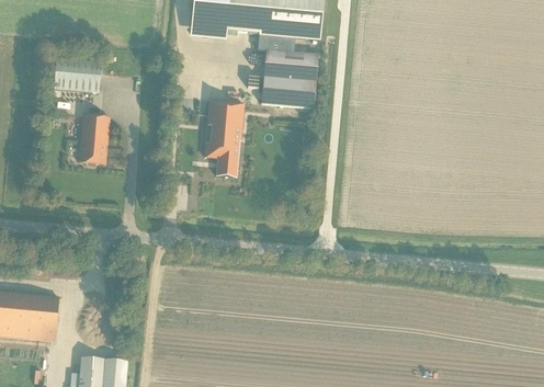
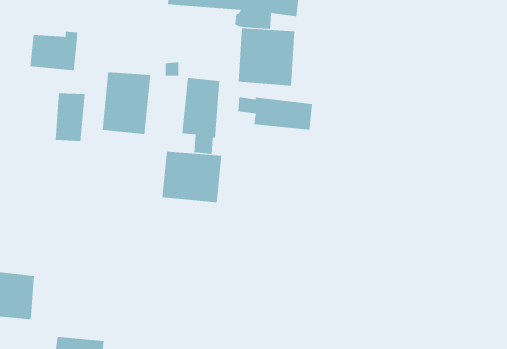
building: none -> [102,71,151,135]
building: none -> [238,97,313,130]
building: none -> [162,151,222,203]

